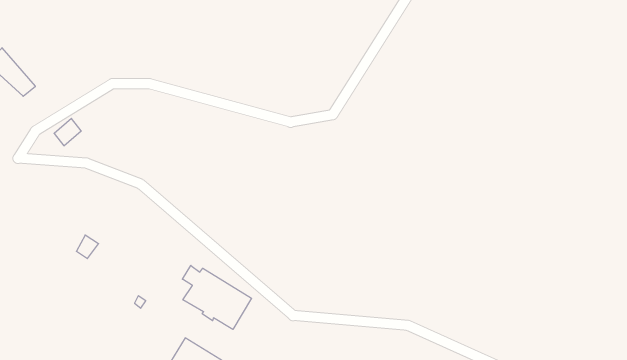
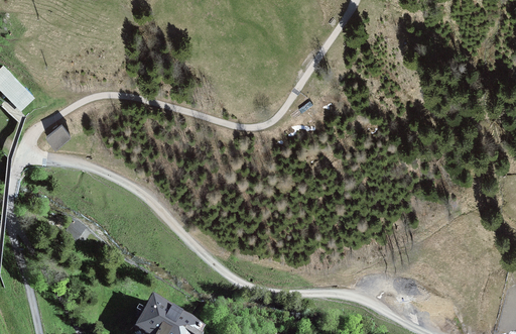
building: [182,265,252,329] -> none

